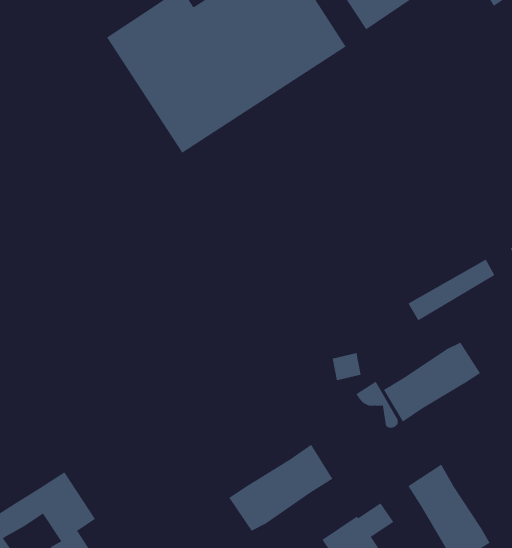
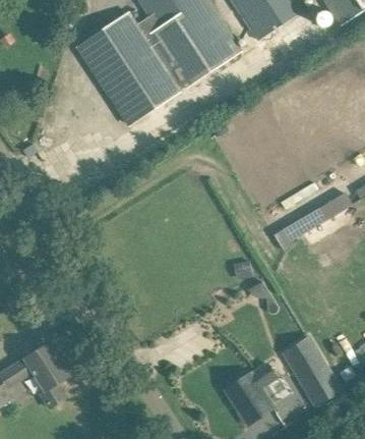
building: [383,342,481,423] -> none
building: [229,444,333,532] -> none

